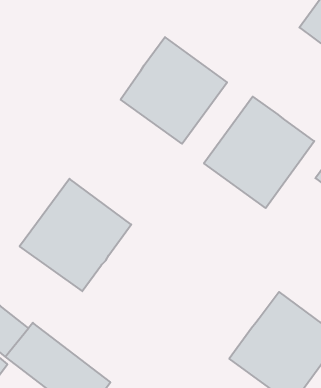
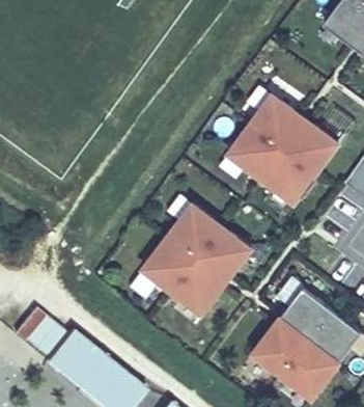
building: [121,37,227,144] -> none
building: [20,179,131,291] -> [146,207,255,317]

